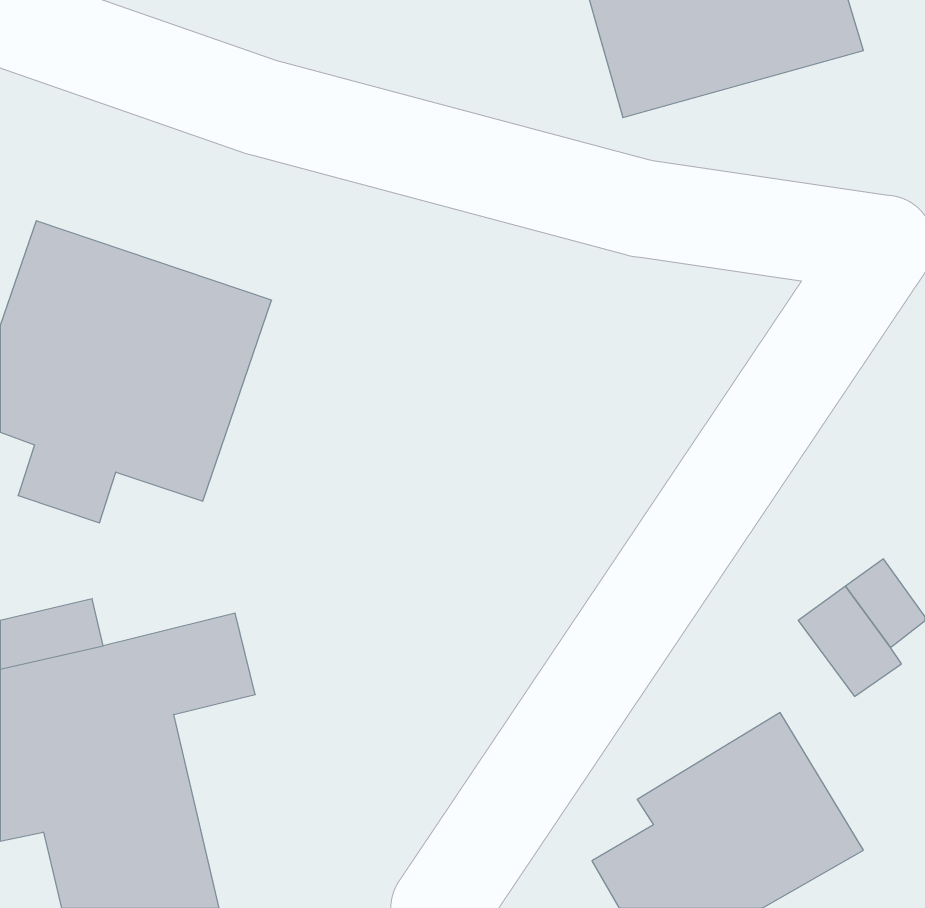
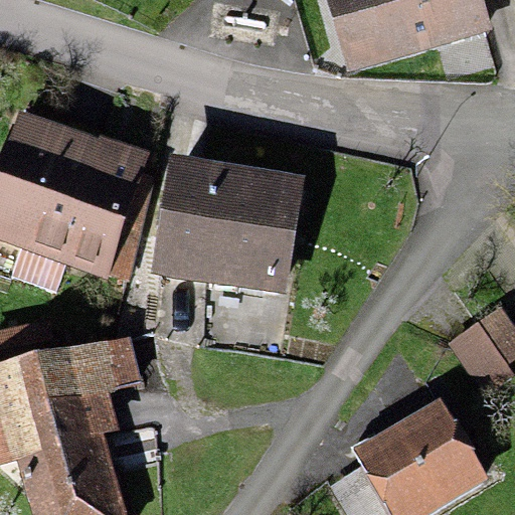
building: none -> [166,166,313,298]

